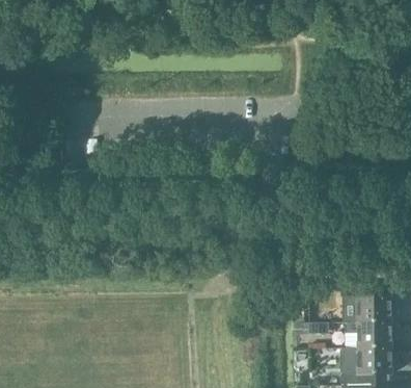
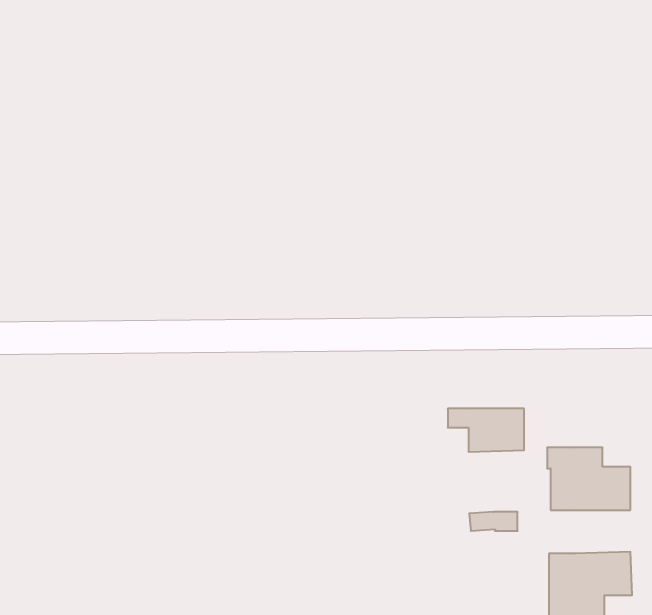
building: [345,322,390,348] -> [448,409,524,452]

